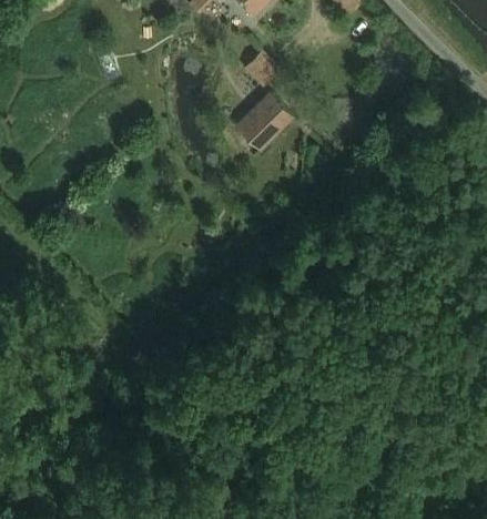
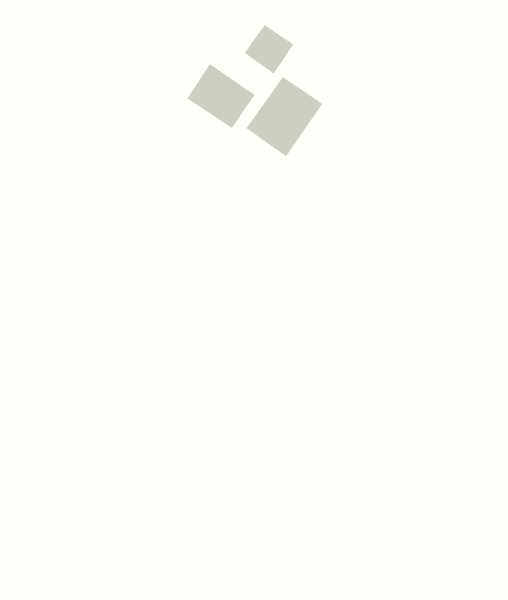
building: none -> [186,63,256,129]

